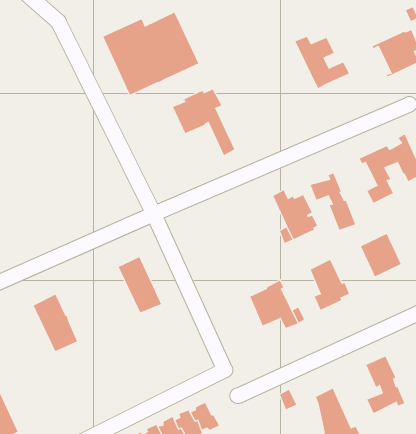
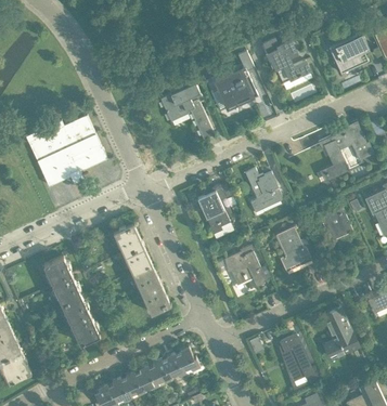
building: [103,12,199,96] -> [25,116,106,186]
building: none -> [214,51,257,109]
building: [310,172,356,230] -> none
building: none -> [196,184,231,234]
building: none -> [132,264,169,312]
building: none -> [61,296,99,344]

